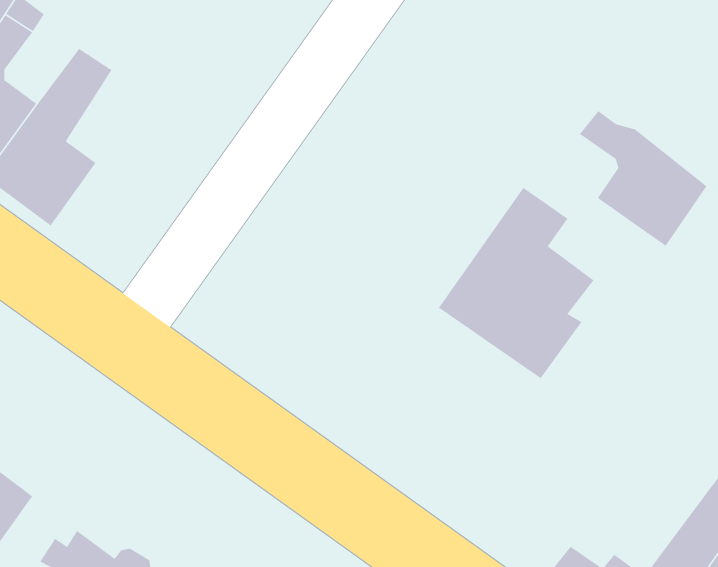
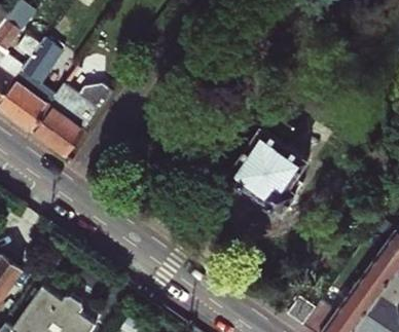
building: [579,110,708,247] -> none
building: none -> [29,83,114,158]

